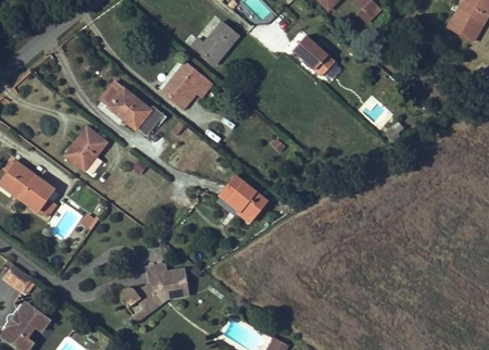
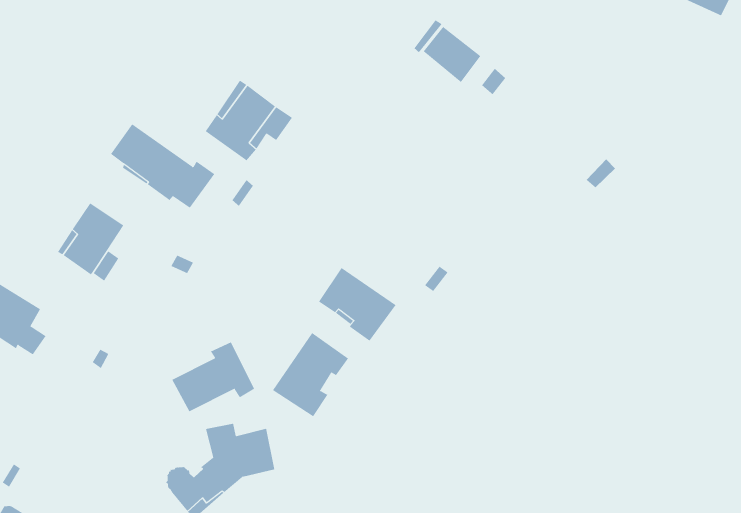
building: [192,22,238,63] -> none
building: none -> [272,332,349,417]
building: none -> [172,341,255,412]

